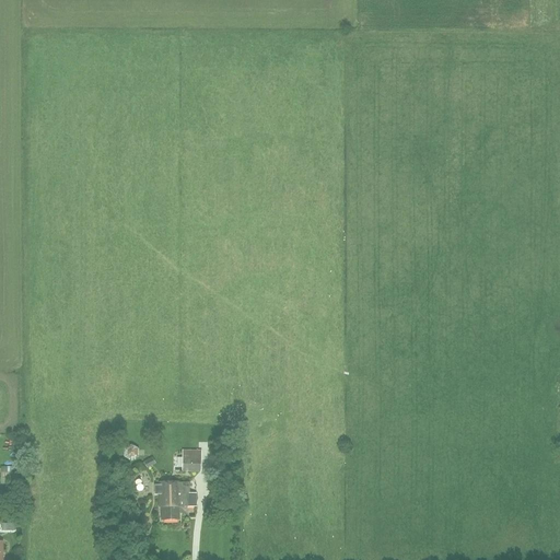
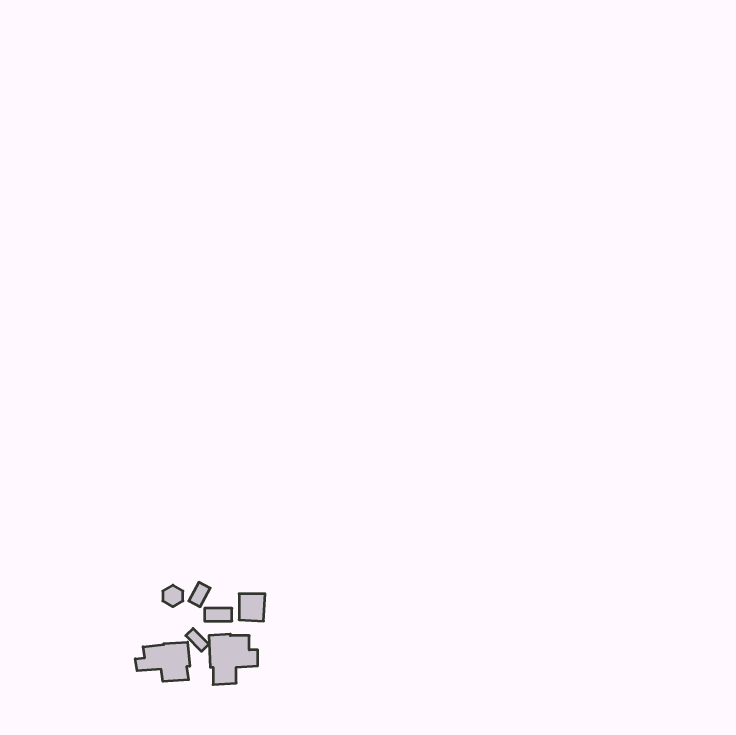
building: none -> [135,642,190,681]

